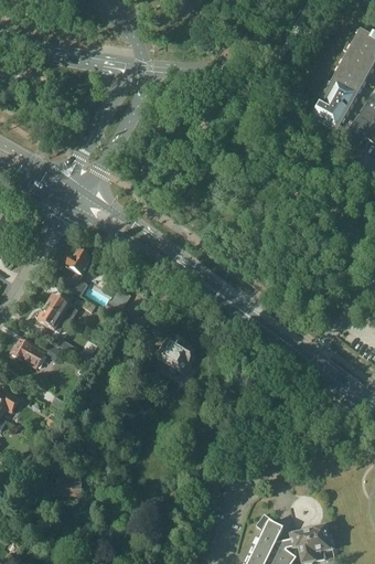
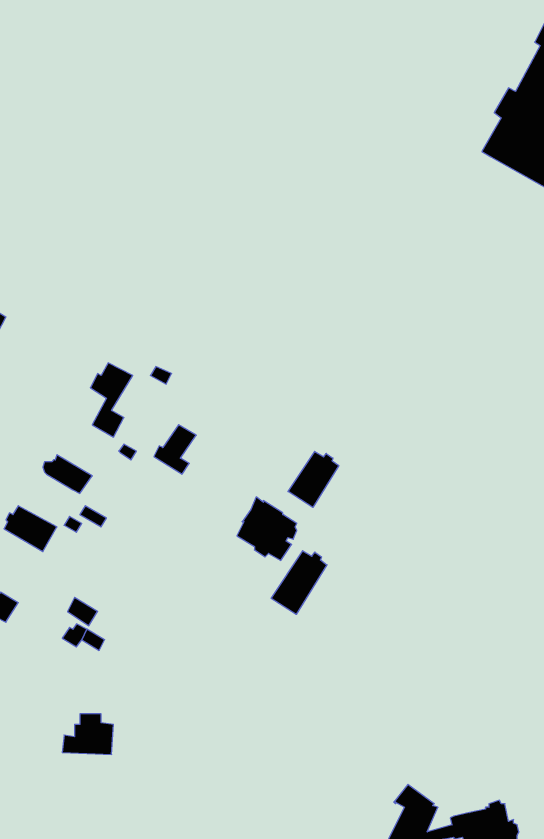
building: [45,295,79,323] -> none
building: none -> [288,451,339,507]
building: none -> [271,551,327,614]

